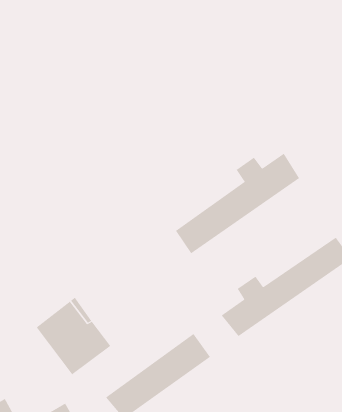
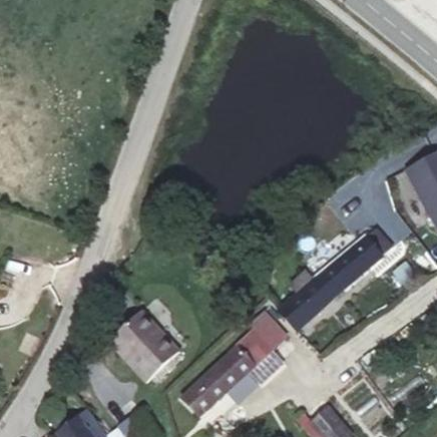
building: [175,153,300,254] -> none
building: none -> [250,310,290,351]

